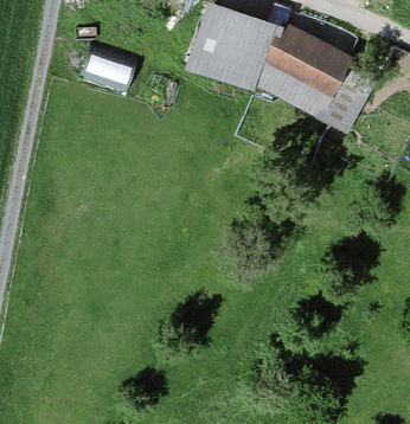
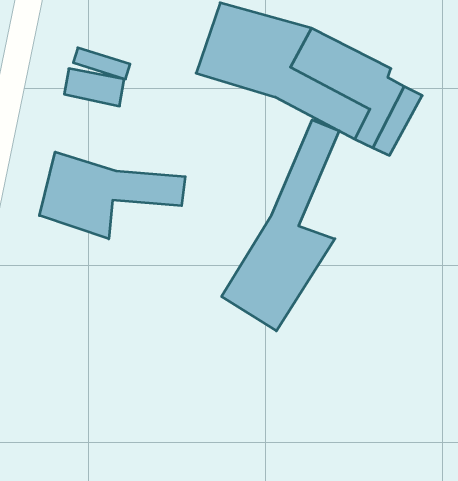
building: none -> [222,120,339,331]
building: none -> [39,152,185,239]

